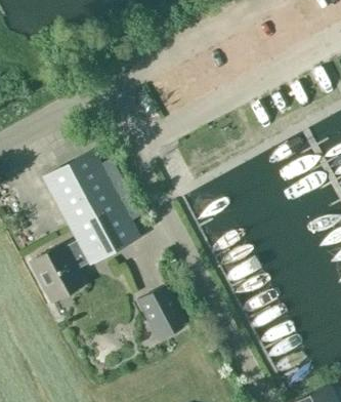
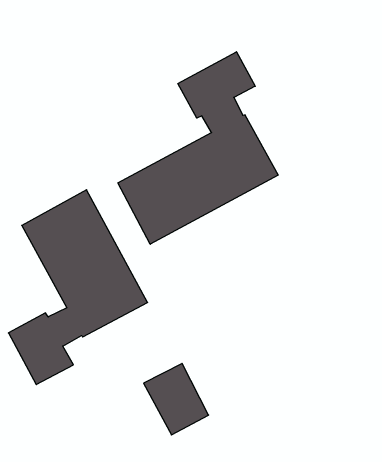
building: none -> [118,52,278,244]

